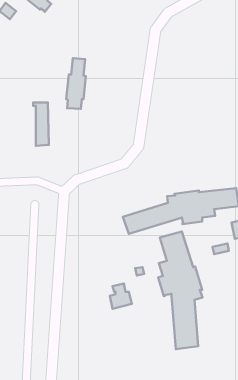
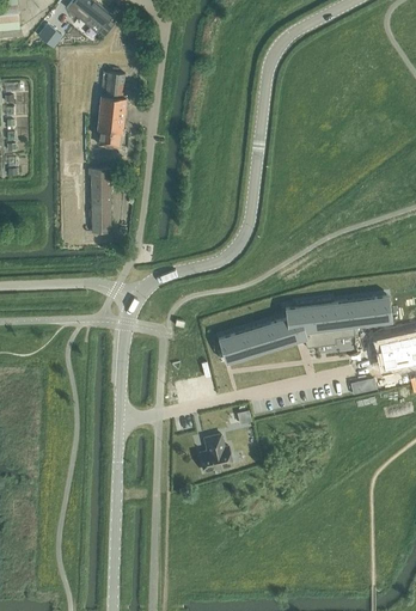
building: [66,58,86,109] -> [97,73,126,147]
building: [158,232,202,349] -> none

